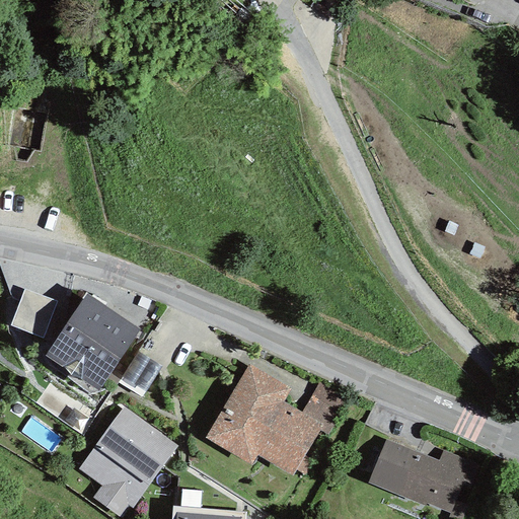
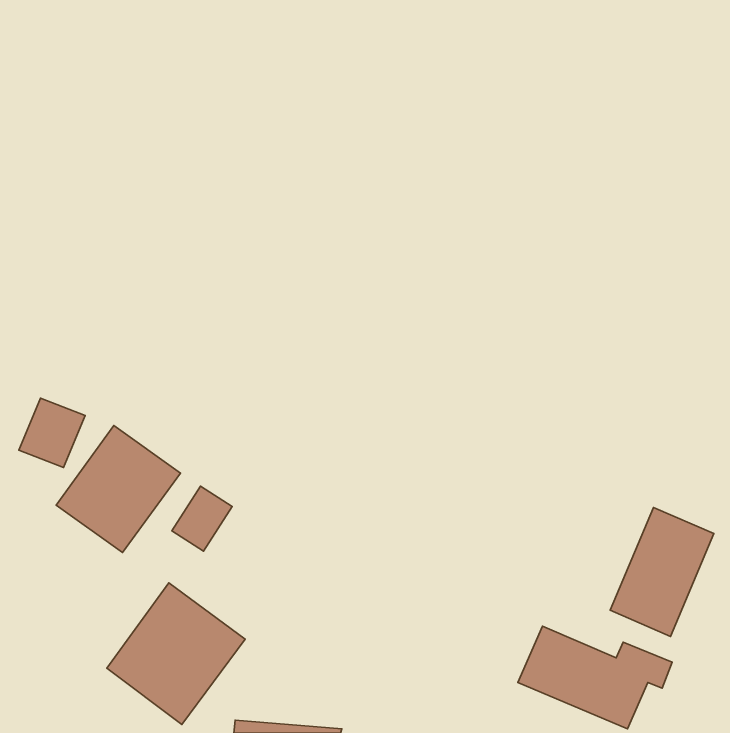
building: none -> [610,507,714,636]
building: [204,364,351,475] -> none

